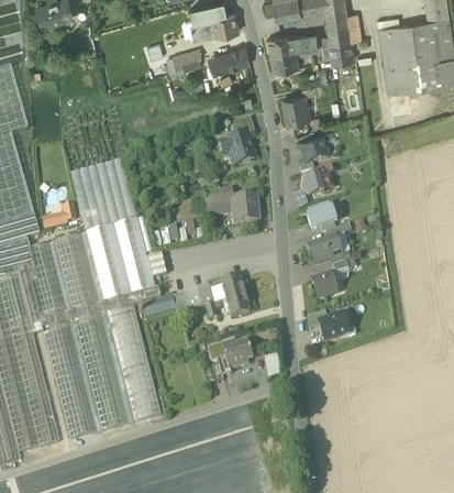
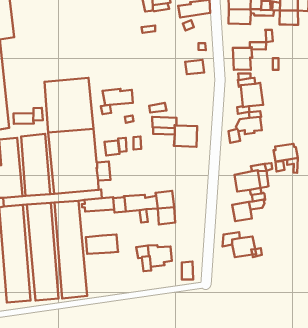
building: [219,134,254,166] -> none
building: none -> [103,89,133,105]
building: [307,206,336,230] -> [274,144,298,162]
building: none -> [86,234,118,254]

